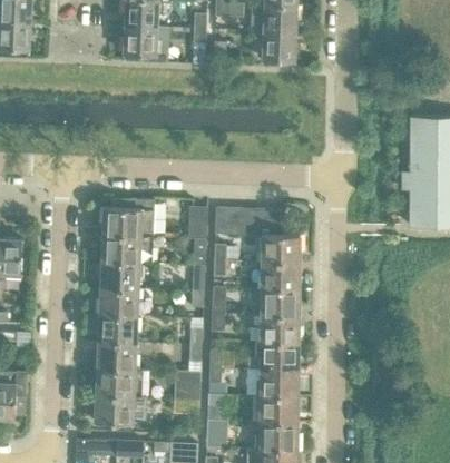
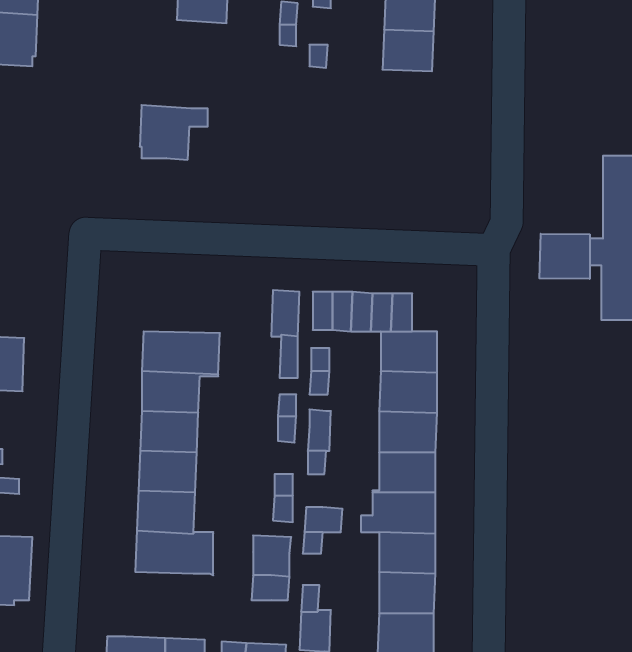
building: [123,24,168,61] -> [140,105,208,160]
building: none -> [539,234,590,279]
building: [101,198,154,235] -> none
building: [95,395,146,423] -> none

